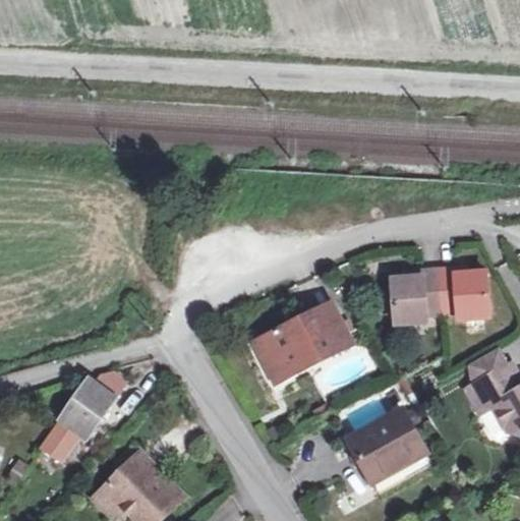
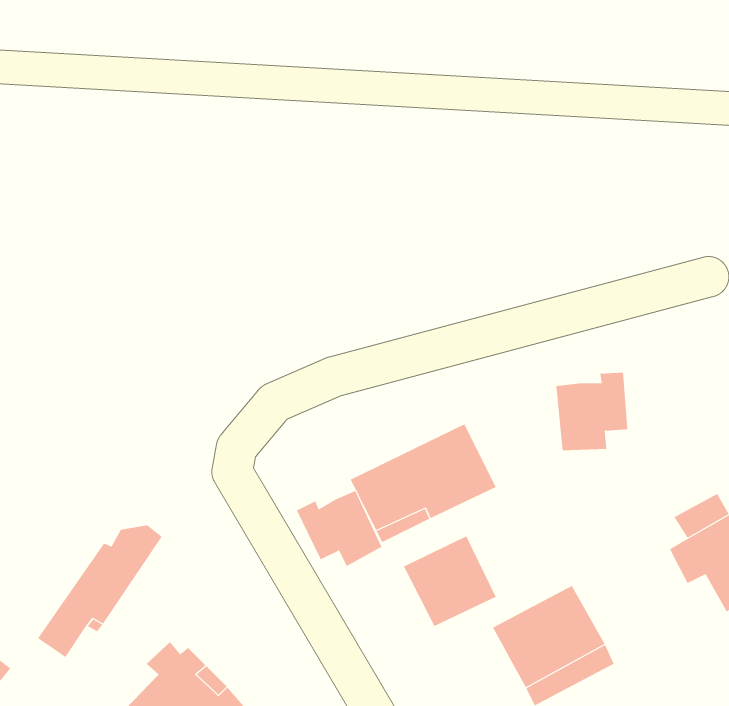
building: [436,267,486,317] -> none
building: none -> [296,490,382,567]
building: none -> [403,535,497,627]

